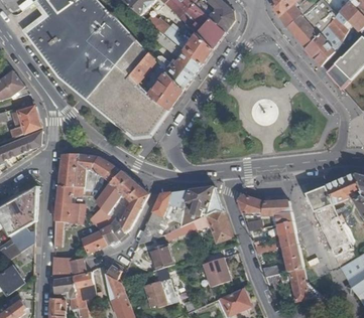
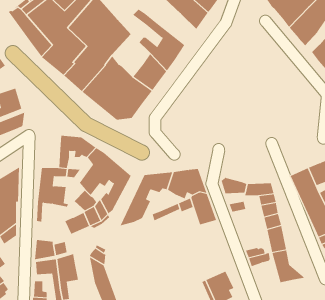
building: [162,25,213,64] -> none
building: [129,53,164,84] -> none
building: [58,154,78,186] -> none
building: [149,244,172,271] -> none
building: [203,258,231,288] -> none
building: [144,279,171,307] -> none

